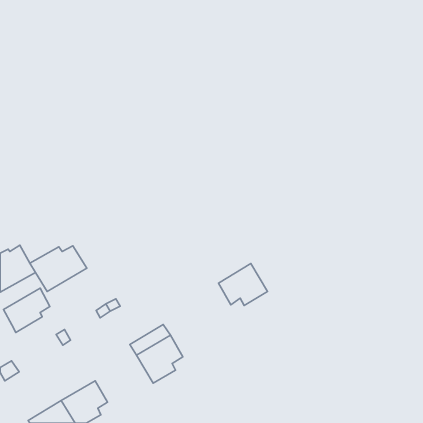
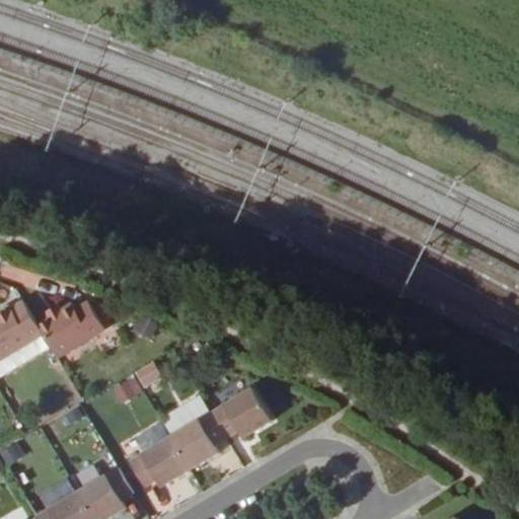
building: [219,263,267,306] -> [209,386,269,438]
building: [3,288,50,332] -> none
building: none -> [126,435,188,487]

